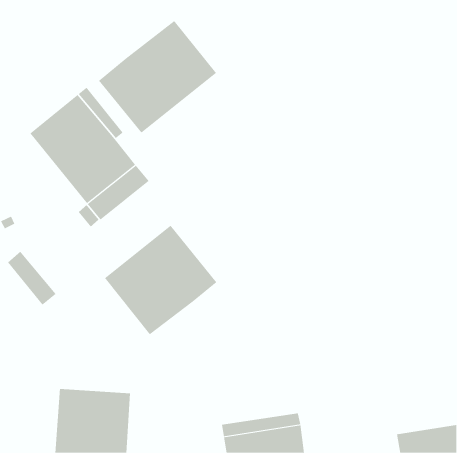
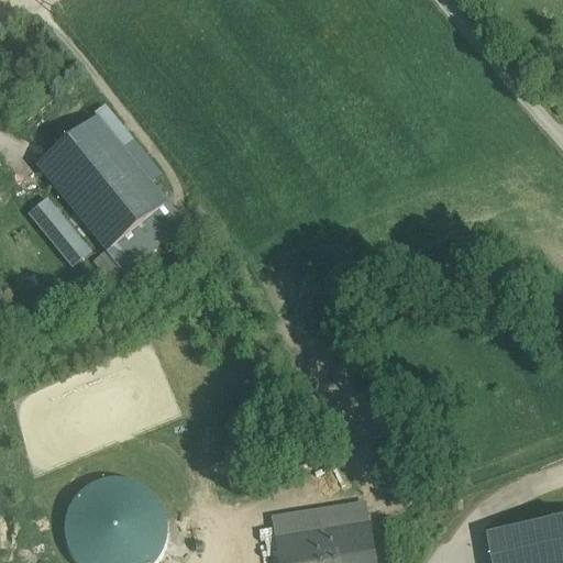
building: [98,20,217,134] -> none
building: [104,225,217,335] -> none
building: [7,251,56,306] -> [30,199,90,266]

